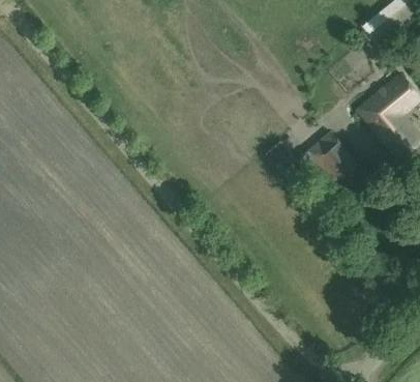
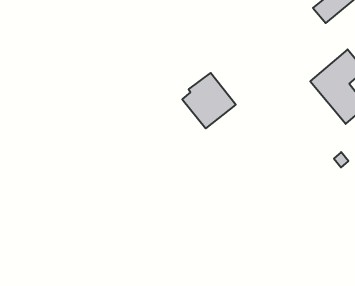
building: [299,130,360,194] -> [182,73,236,128]

